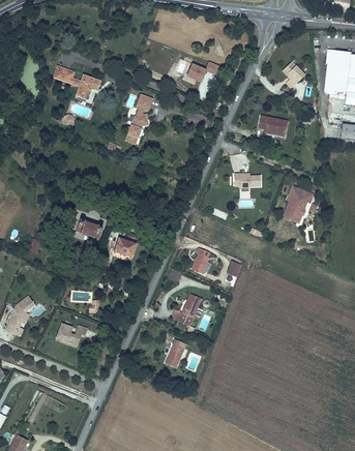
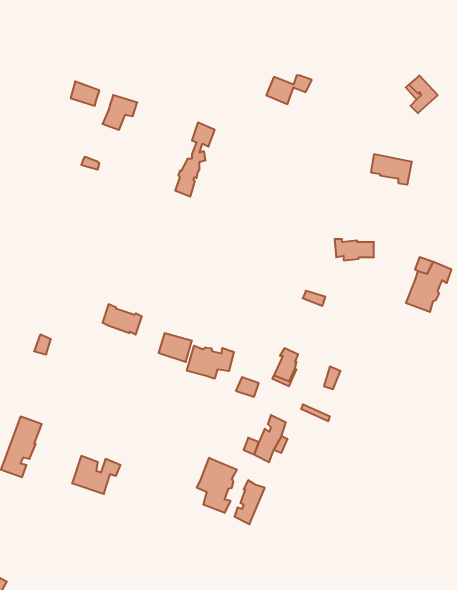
building: none -> [187,346,234,379]
building: none -> [197,458,237,513]

